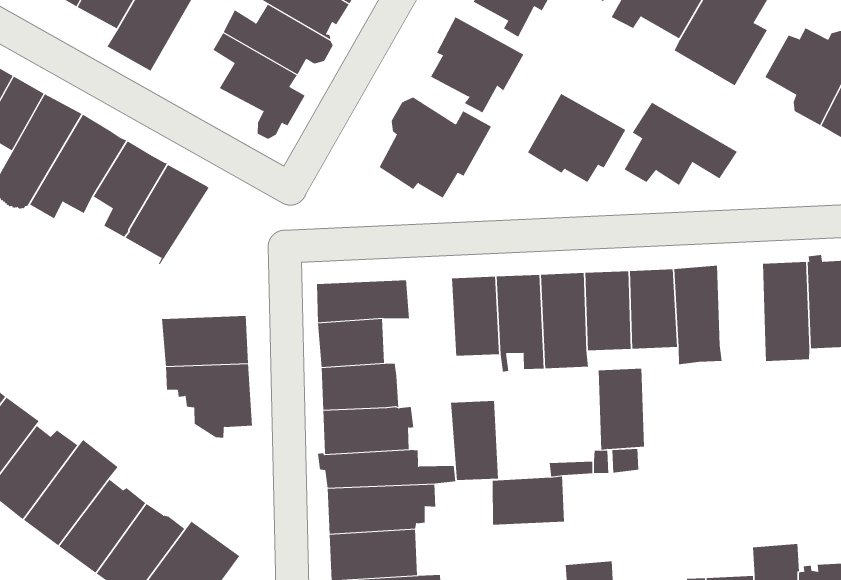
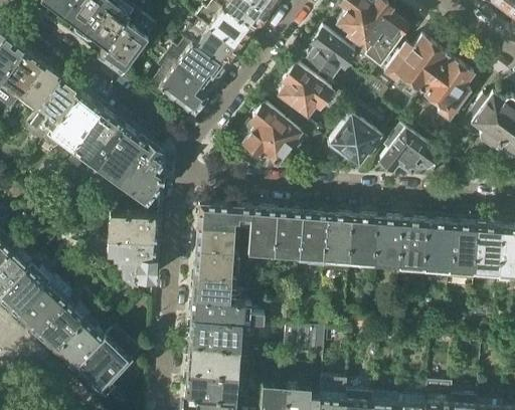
building: none -> [113,144,162,206]
building: [598,368,645,450] -> [422,223,452,269]
building: [450,401,499,480] -> [248,210,276,256]

